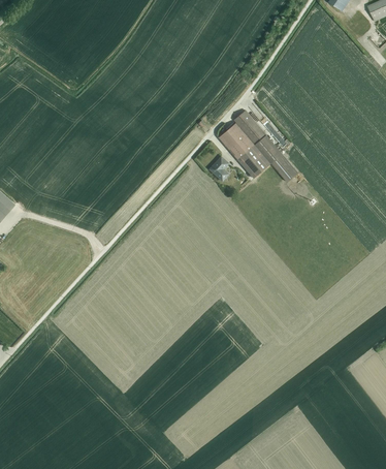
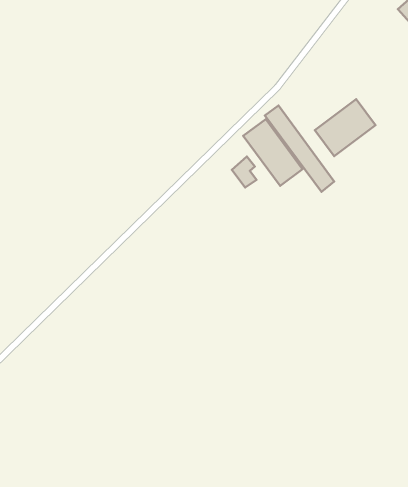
building: none -> [315,99,375,156]

